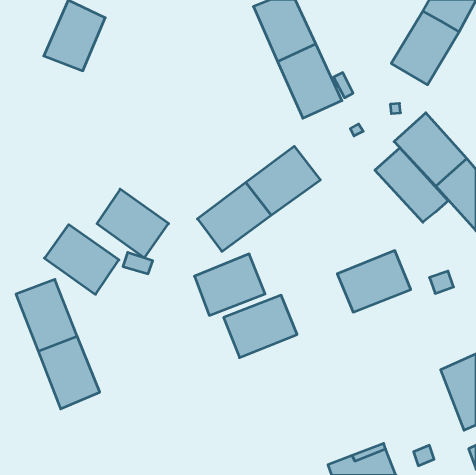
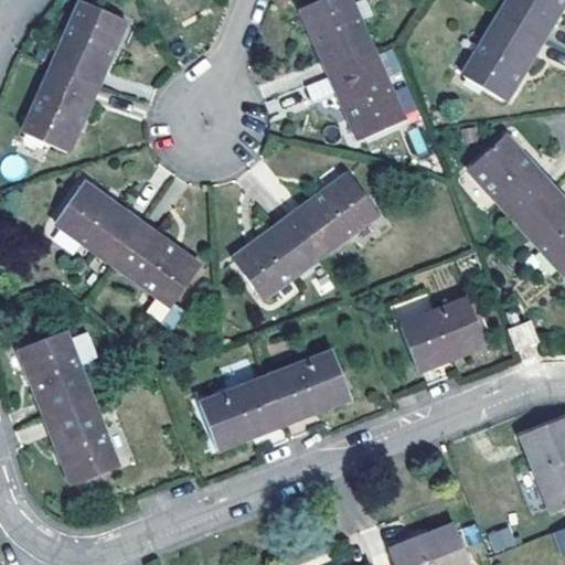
building: none -> [24,66,98,151]
building: [375,148,448,222] -> none
building: [44,225,119,294] -> [54,182,142,265]
building: [194,254,265,315] -> [200,376,284,449]

